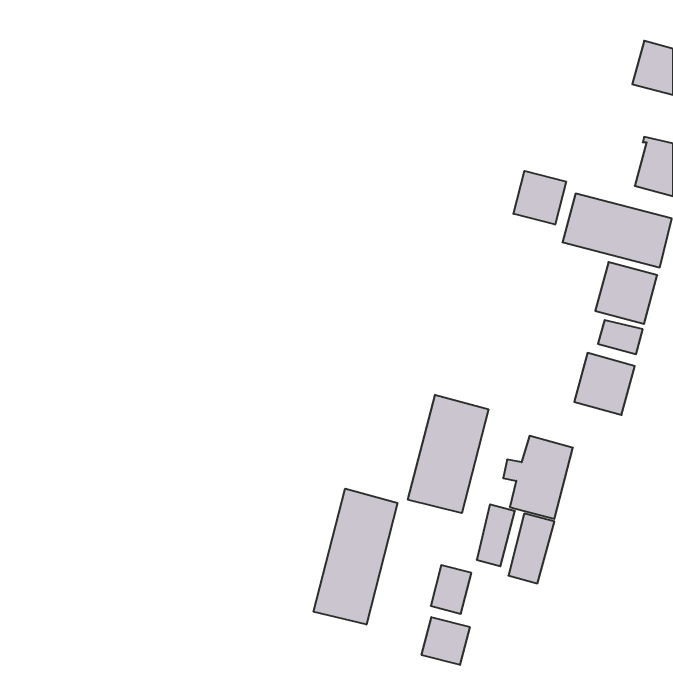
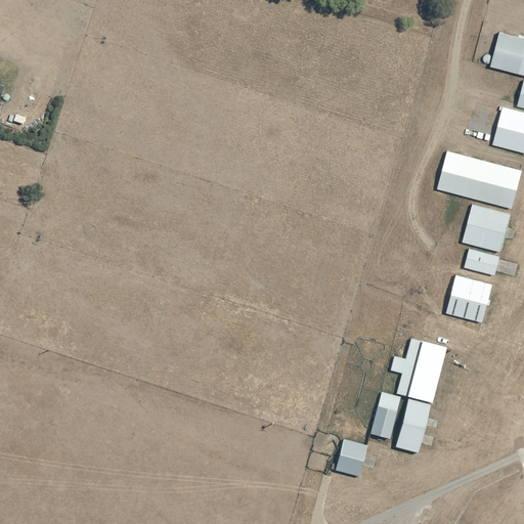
building: [513,171,566,225] -> none
building: [408,395,488,513] -> none
building: [314,489,397,625] -> none
building: [422,617,470,665] -> none

